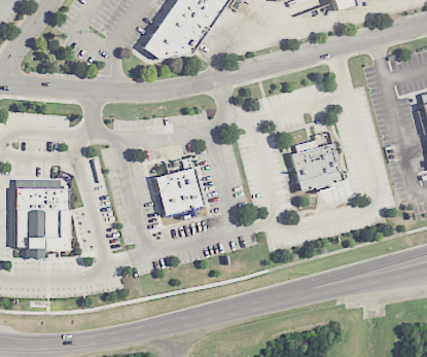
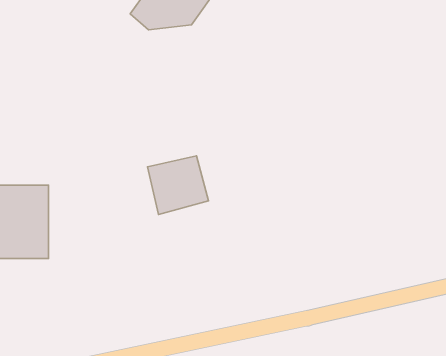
building: [288,139,342,192] -> none

